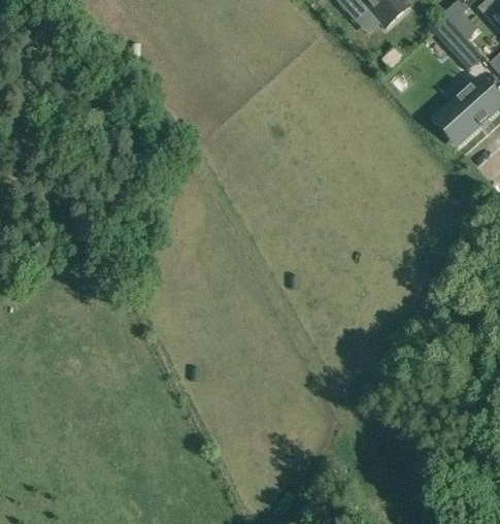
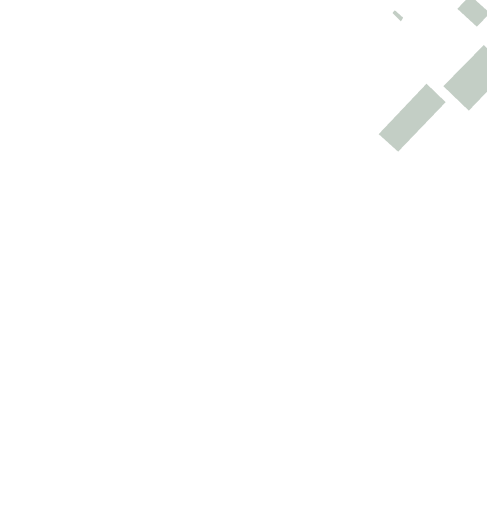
building: none -> [378,83,447,152]

